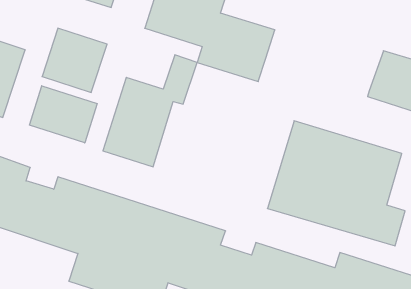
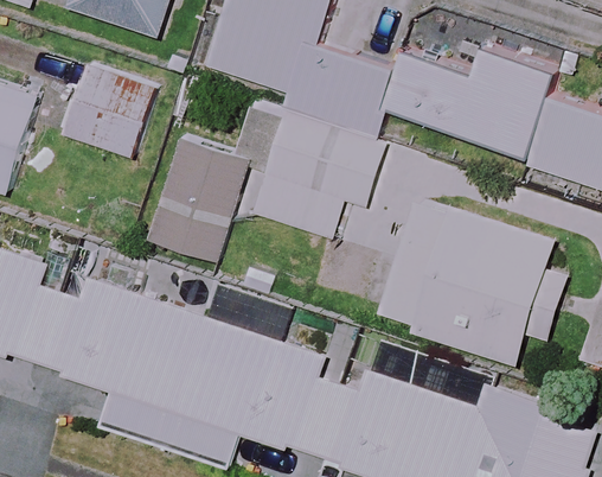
building: none -> [378,50,552,154]
building: none -> [257,114,378,238]
building: [29,86,97,143] -> none

